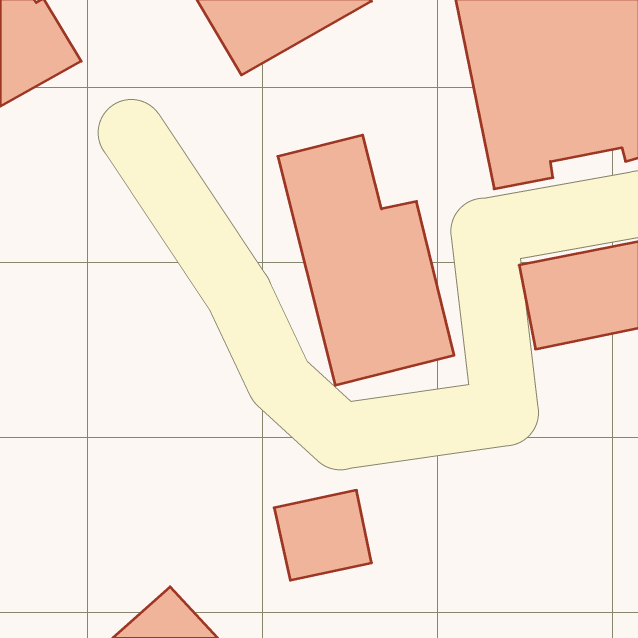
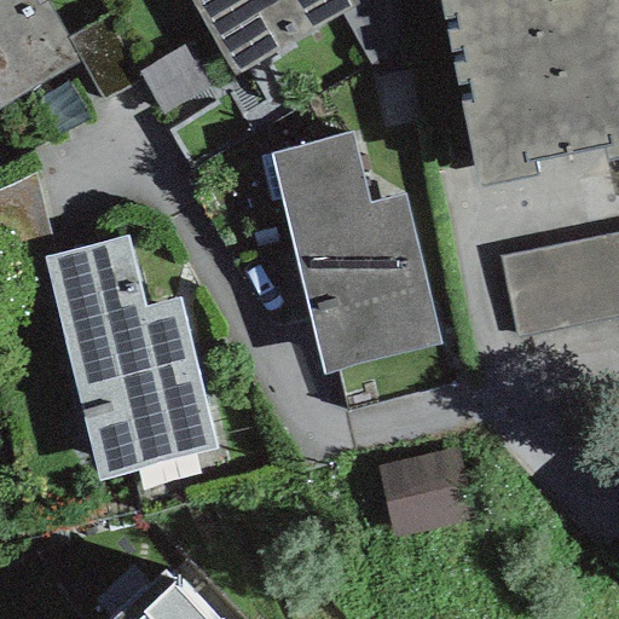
building: none -> [42,233,218,476]
building: [274,490,372,580] -> [386,446,480,533]

